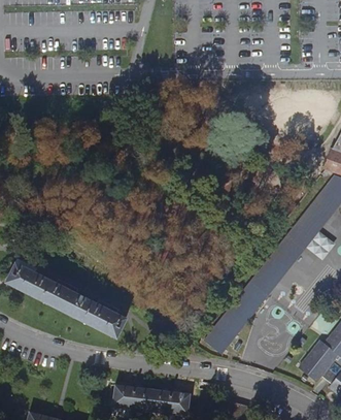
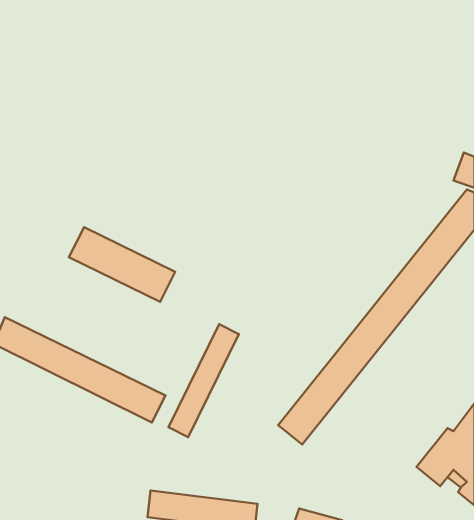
building: none -> [69,227,175,302]
building: none -> [168,324,239,437]

